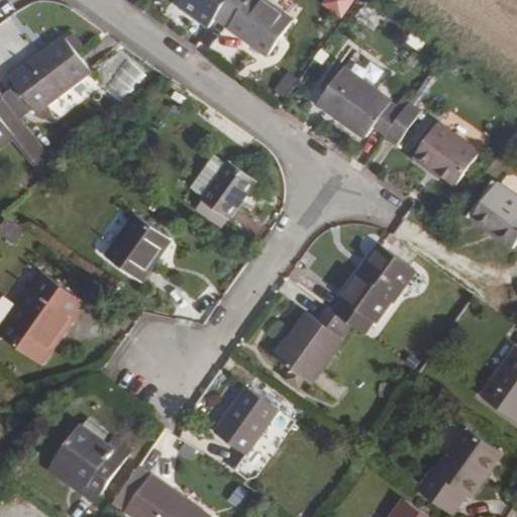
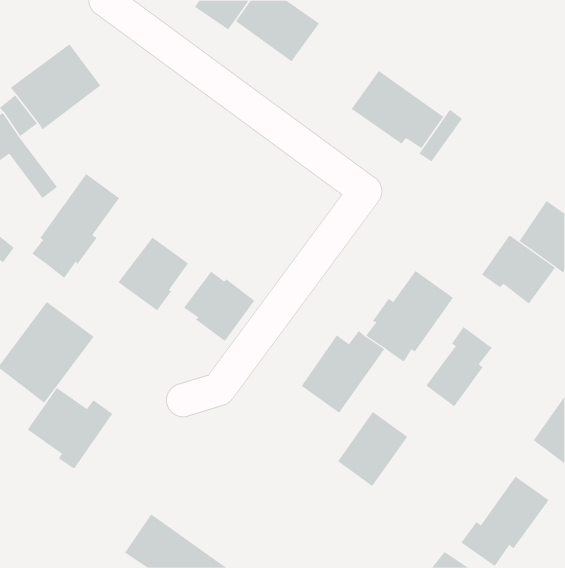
building: [410,121,478,185] -> [481,235,556,305]
building: [195,154,261,219] -> [183,271,255,342]
building: none -> [32,173,120,279]
building: none -> [425,326,492,407]
building: [208,387,273,455] -> [337,411,408,487]
building: [49,425,128,500] -> [27,387,113,469]

